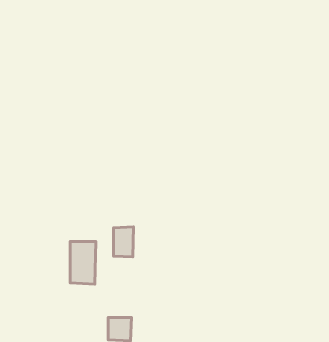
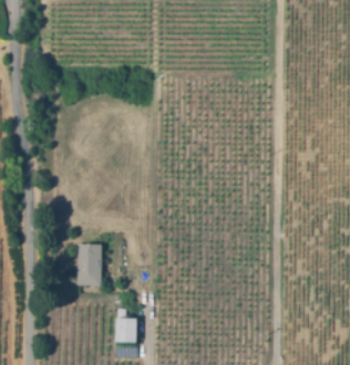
building: [113,227,134,257] -> none

